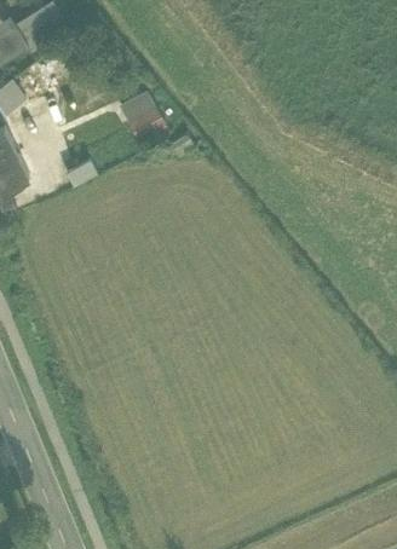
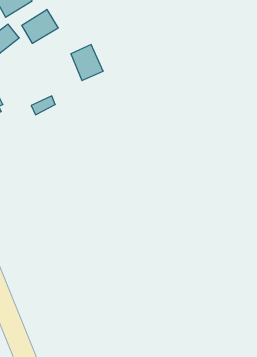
building: none -> [22,9,58,43]

